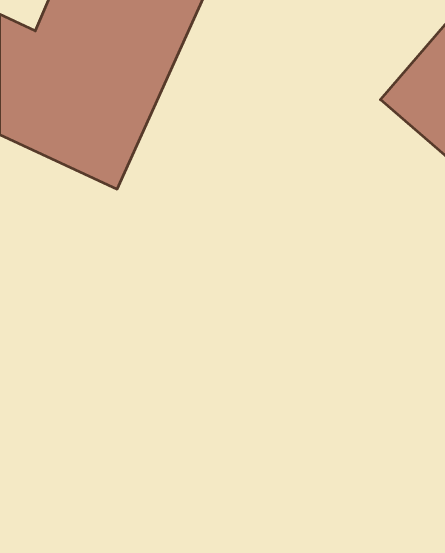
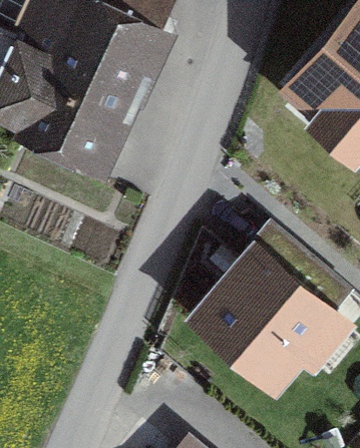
building: none -> [198,251,334,385]

